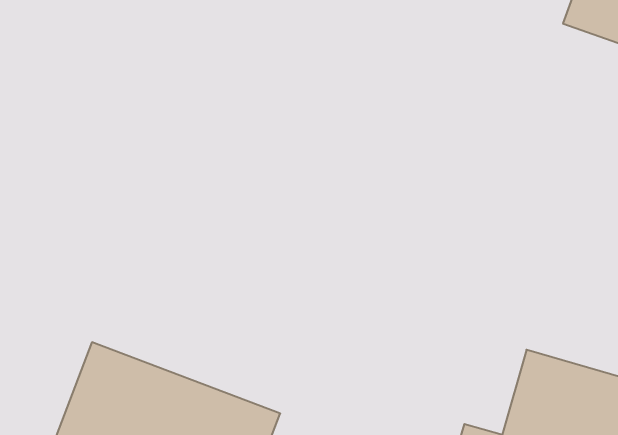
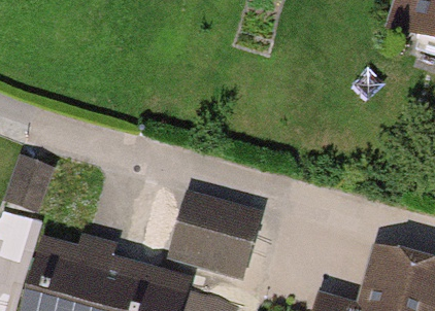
building: none -> [173,198,258,270]

